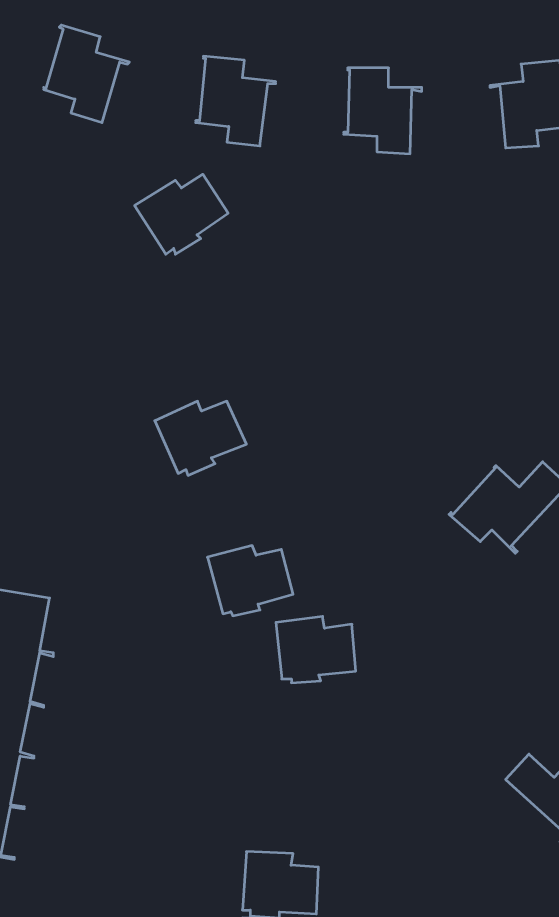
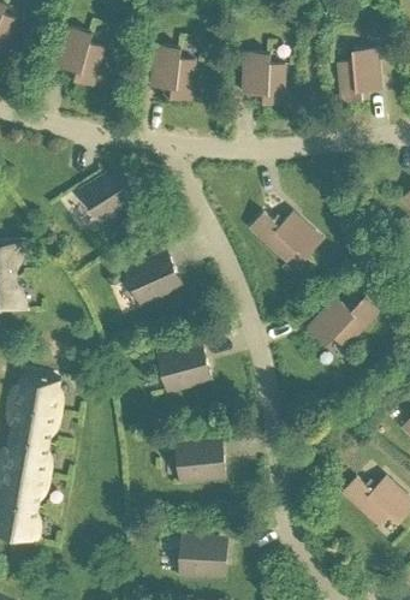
building: [135,174,228,254] -> [81,172,138,221]
building: none -> [249,212,322,267]
building: [276,616,356,683] -> [176,441,225,482]

